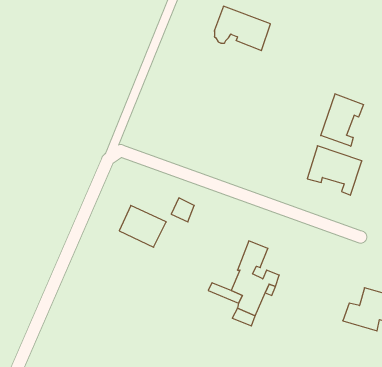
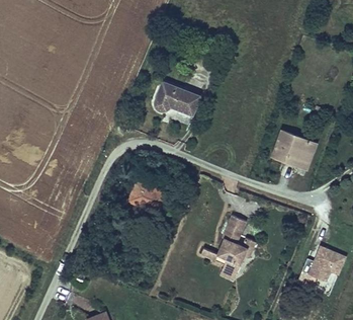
building: [214,6,270,51] -> [160,79,204,114]
building: [321,94,364,146] -> none

